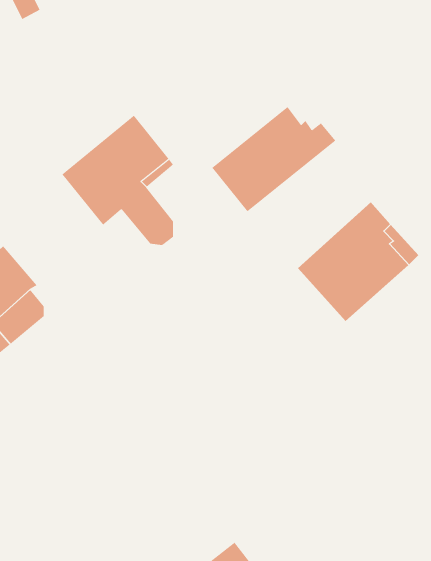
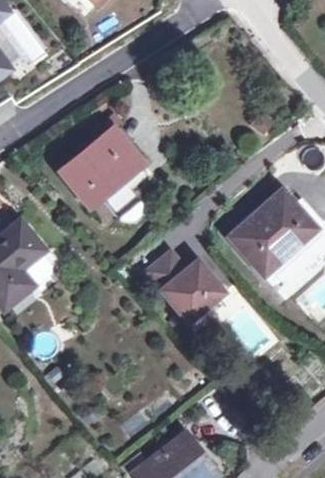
building: [211,106,336,212] -> none
building: none -> [149,253,226,321]

